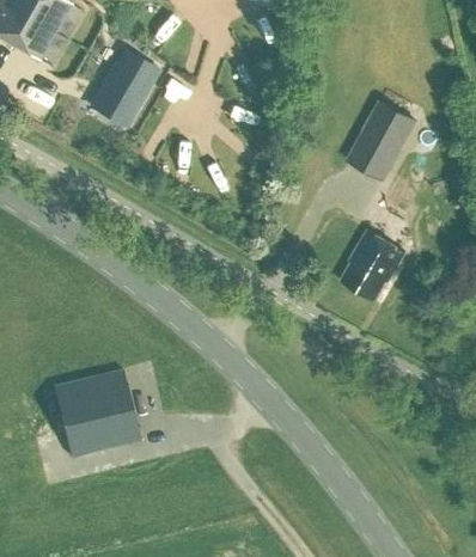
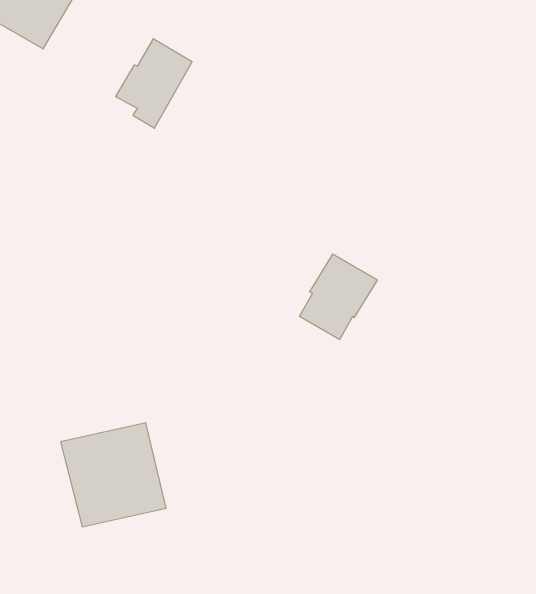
building: [349,102,416,179] -> none
building: [341,228,405,299] -> [299,254,377,339]

